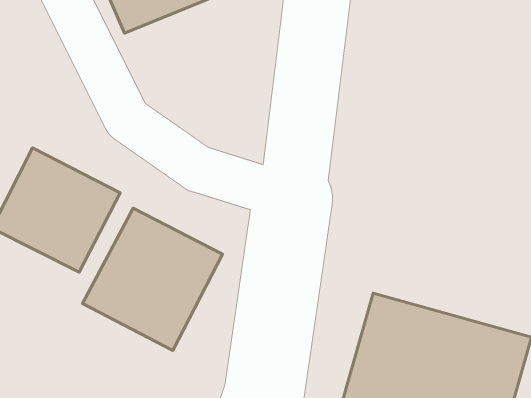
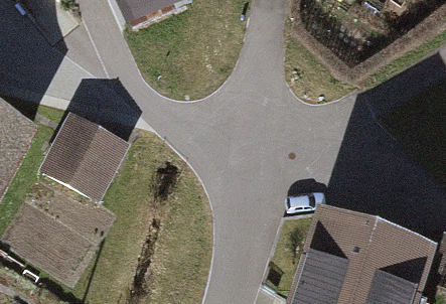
building: [82,208,223,351] -> none

